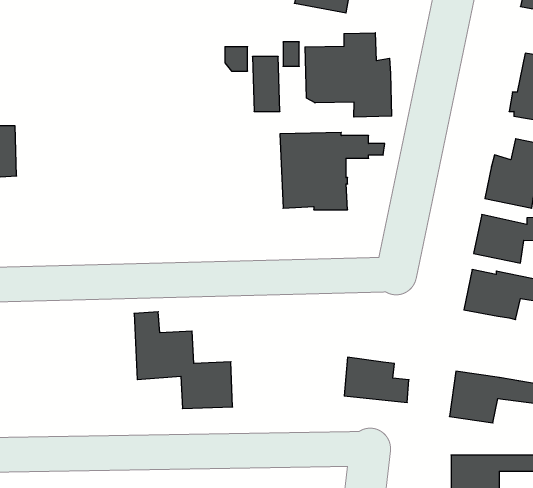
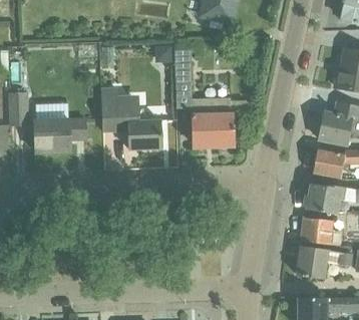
building: [305,33,392,117] -> none
building: none -> [34,101,85,153]
building: [134,312,233,409] -> [100,89,161,149]
building: [344,357,409,402] -> [302,217,342,245]

